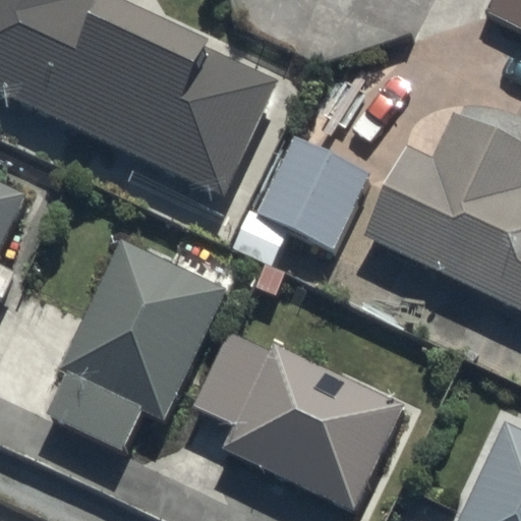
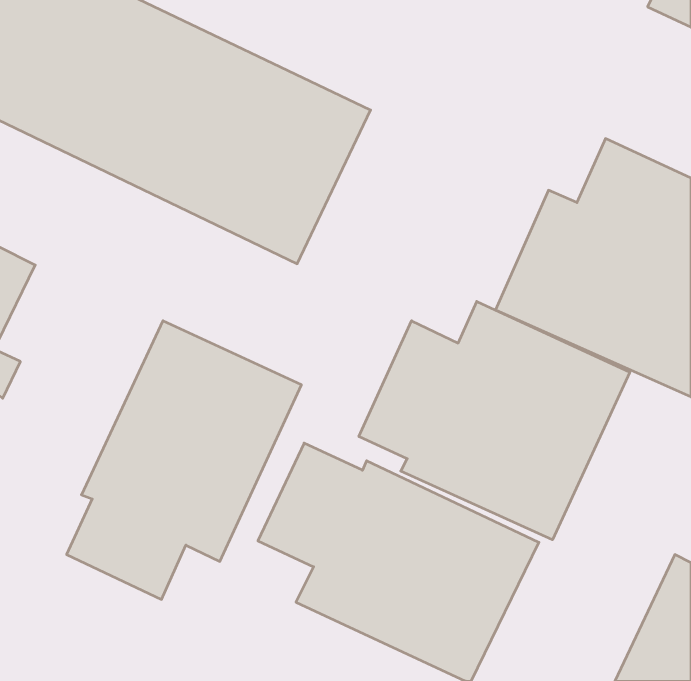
building: [229,135,368,267] -> none
building: none -> [359,301,630,540]

